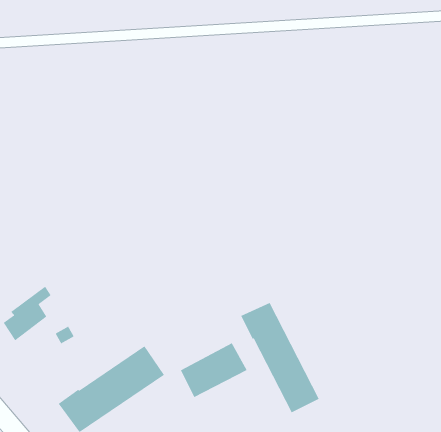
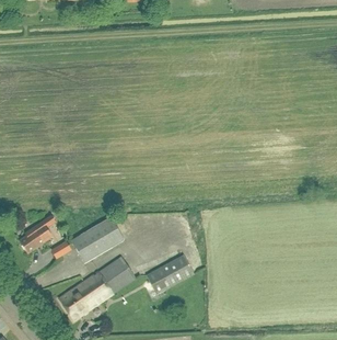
building: none -> [70,217,124,263]
building: [241,302,319,413] -> none

